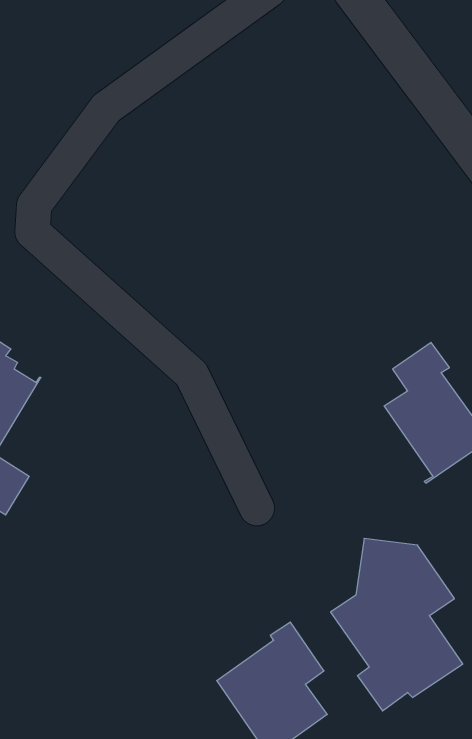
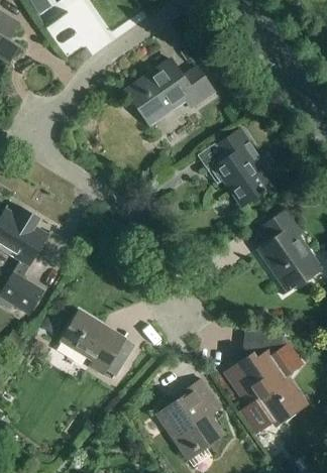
building: none -> [125,60,214,125]
building: none -> [211,130,269,207]
building: none -> [57,311,127,376]

